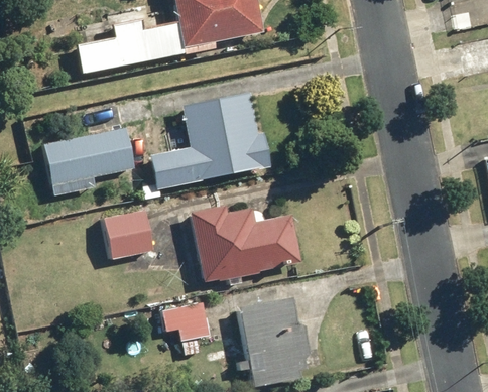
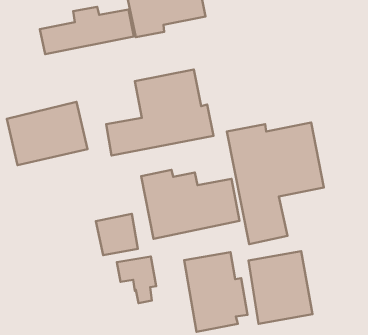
building: none -> [227,122,324,244]
building: [105,210,152,256] -> [96,214,138,255]
building: none -> [248,251,312,324]

